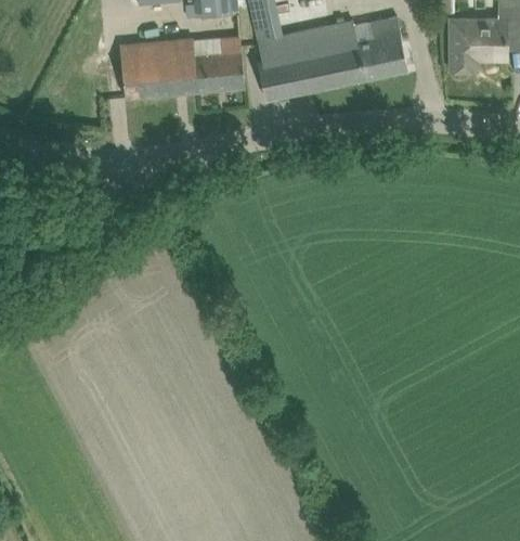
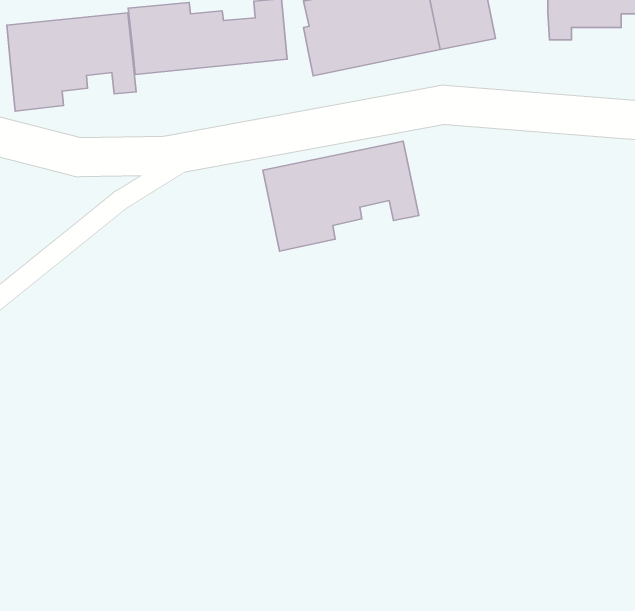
building: none -> [7,13,136,111]
building: none -> [263,141,419,251]

